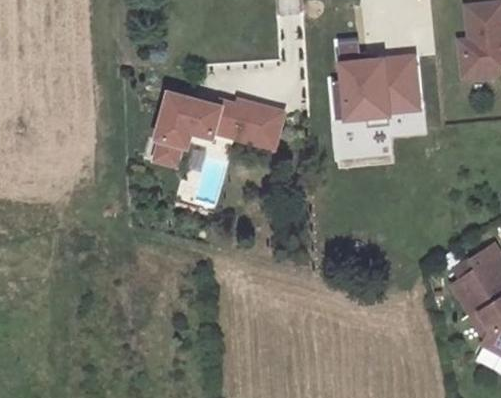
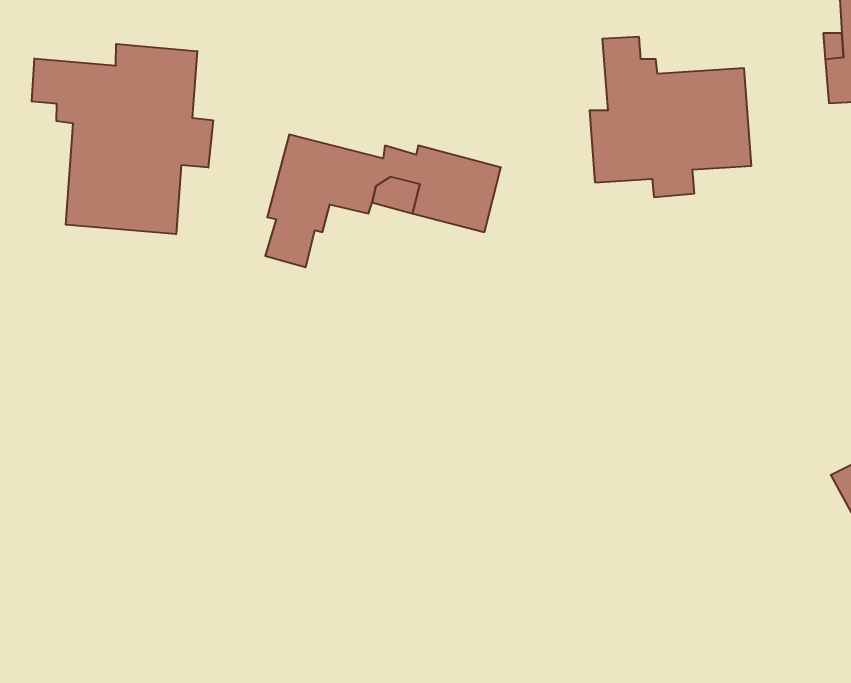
building: none -> [32,44,213,234]

